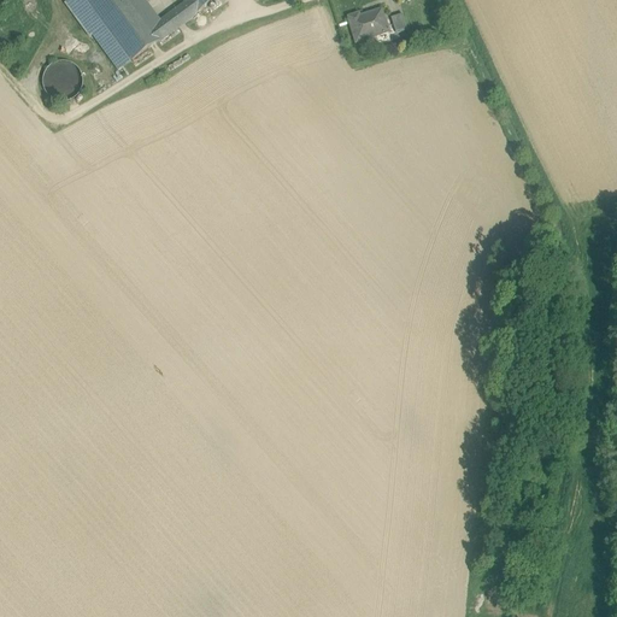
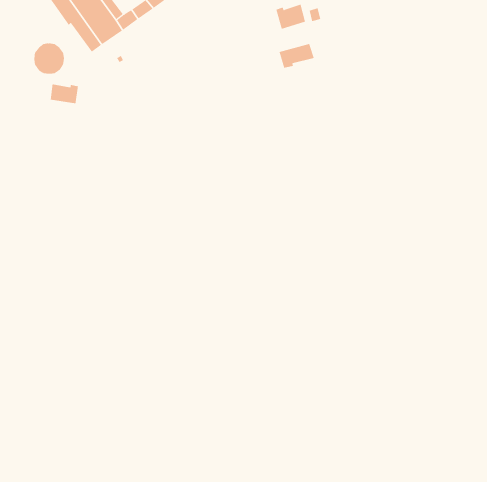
building: none -> [279,43,314,69]
building: none -> [50,84,79,104]

